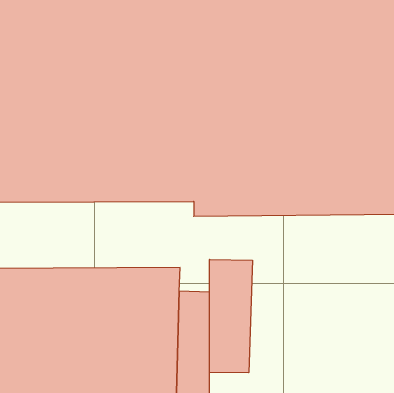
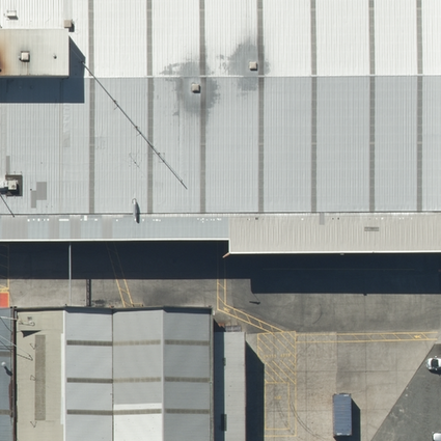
building: [210,259,252,373] -> none

